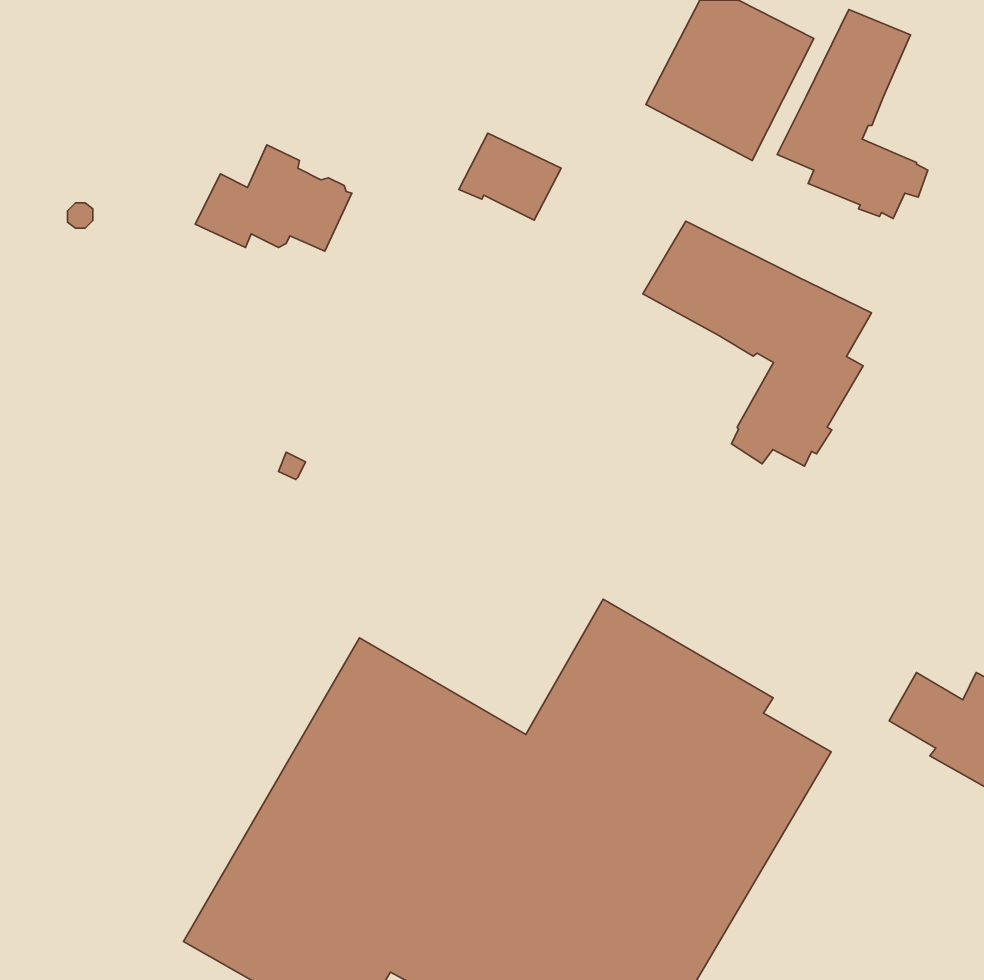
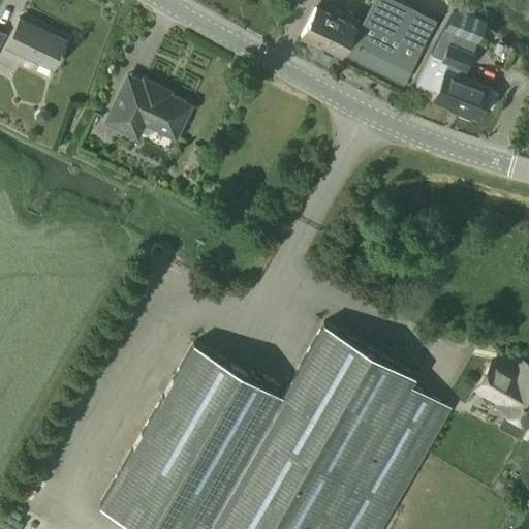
building: none -> [7,21,67,71]
building: [459,133,561,220] -> [302,9,356,56]
building: [643,221,872,466] -> none

